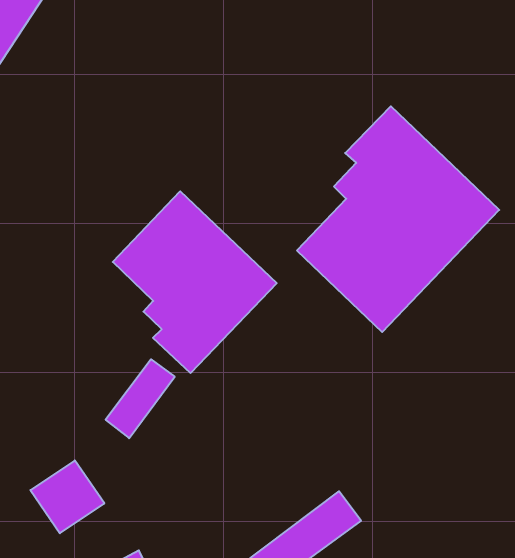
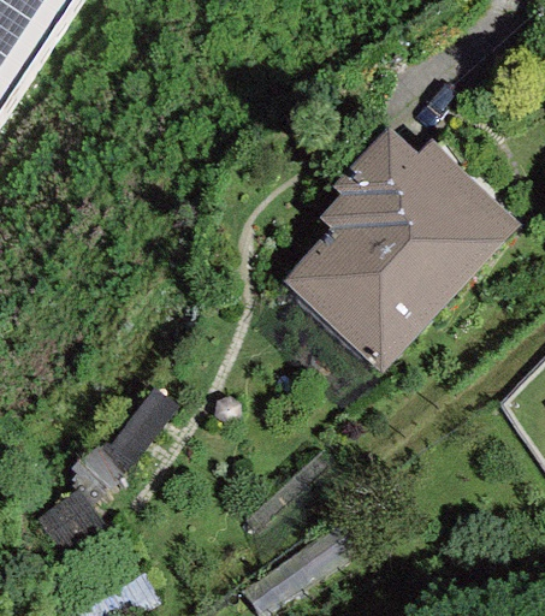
building: [113,191,277,373] -> none

